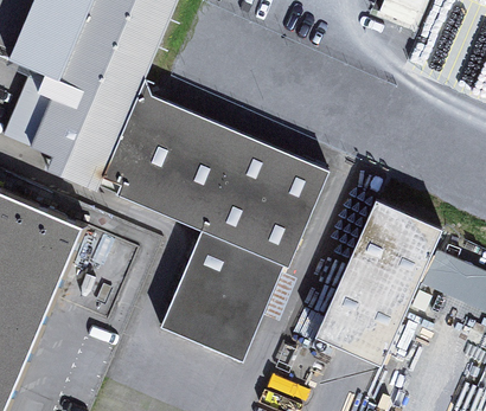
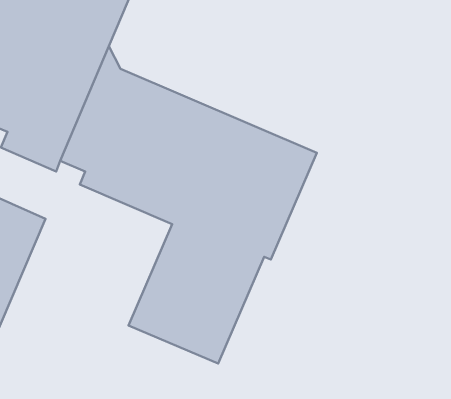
building: [314,193,441,361] -> none

